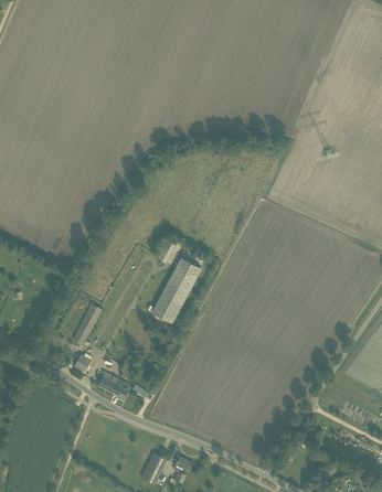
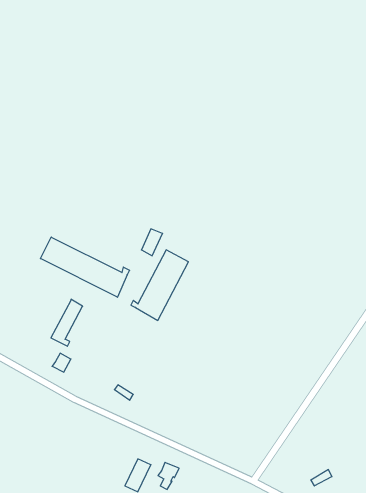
building: none -> [40,237,130,297]
building: [93,368,129,397] -> none

